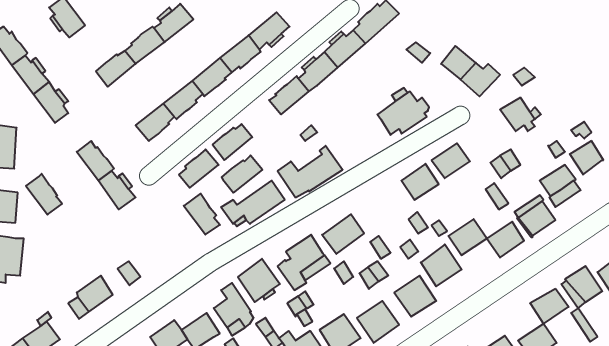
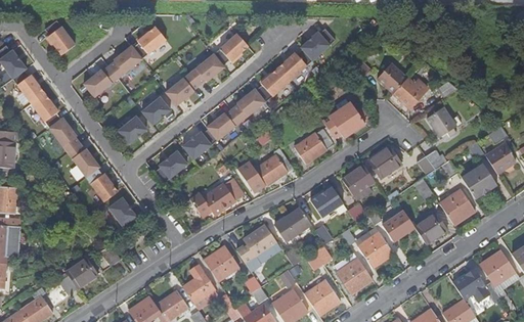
building: none -> [292,129,330,164]
building: [222,155,262,193] -> [206,108,241,140]
building: [26,174,62,215] -> [48,118,79,152]
building: none -> [310,184,343,215]
building: [184,194,220,235] -> [106,196,137,231]

